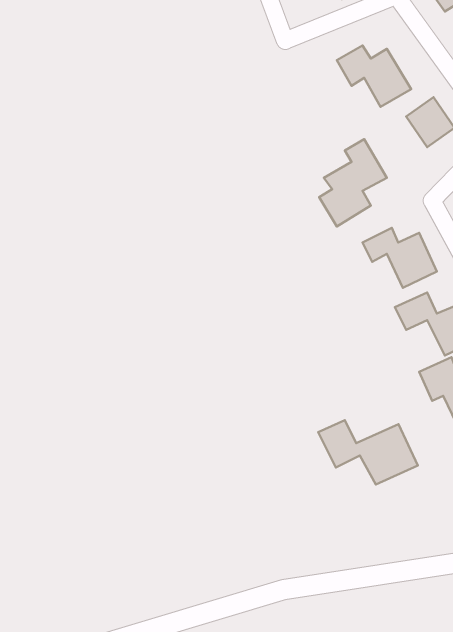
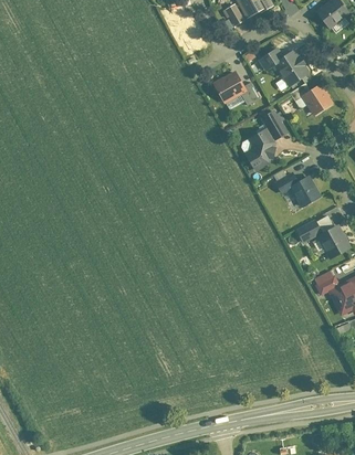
building: none -> [215,70,260,106]
building: [318,420,418,485] -> none

